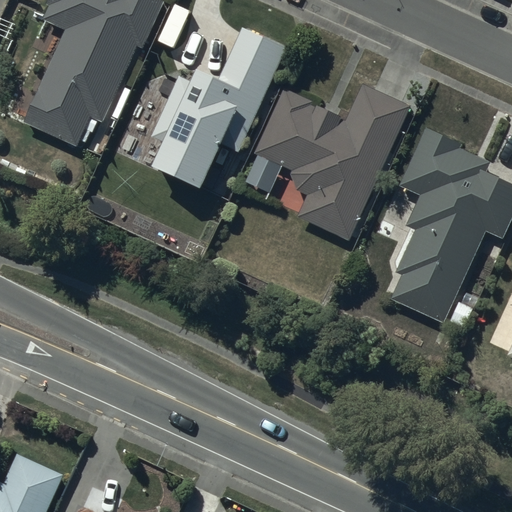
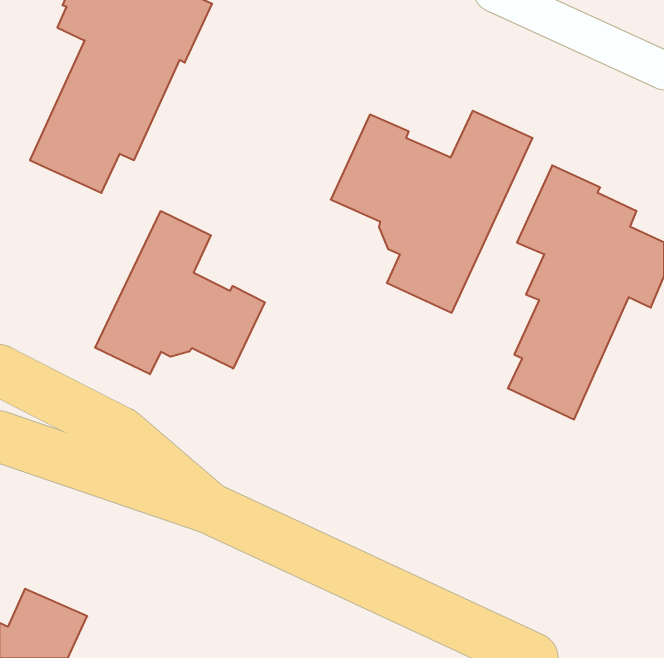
building: [151,27,290,197] -> none
building: none -> [95,211,265,374]

